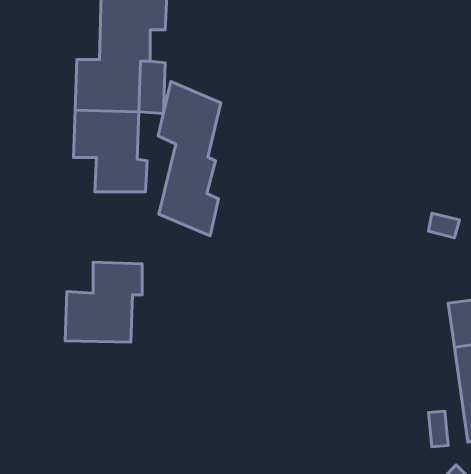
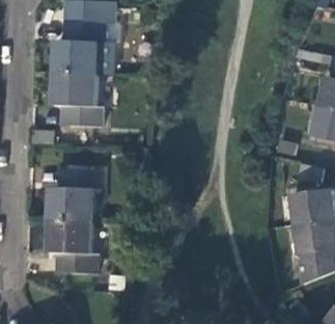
building: [158,82,221,236] -> none
building: none -> [47,219,94,273]

